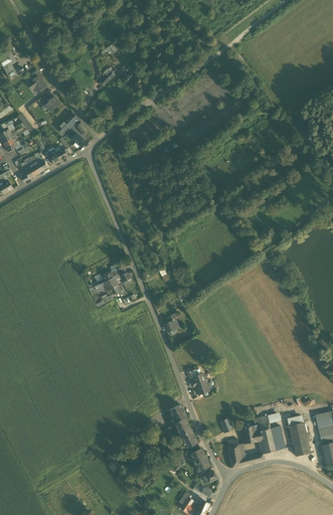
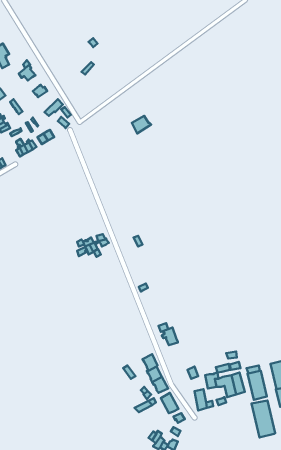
building: none -> [252,400,275,437]

